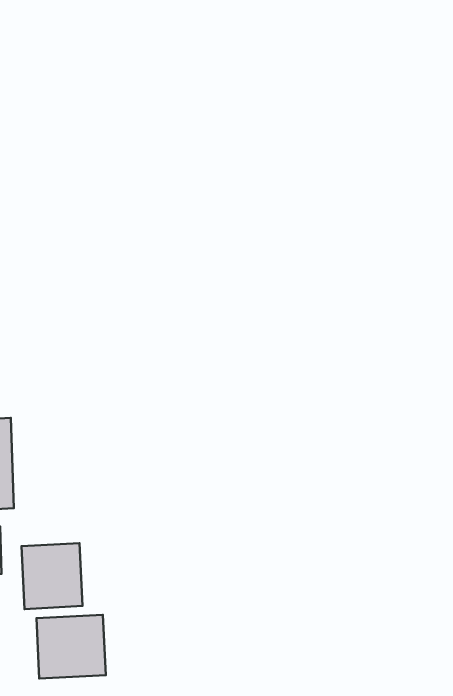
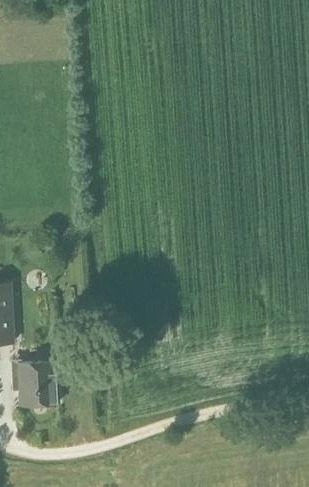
building: [37,615,106,678] -> none

